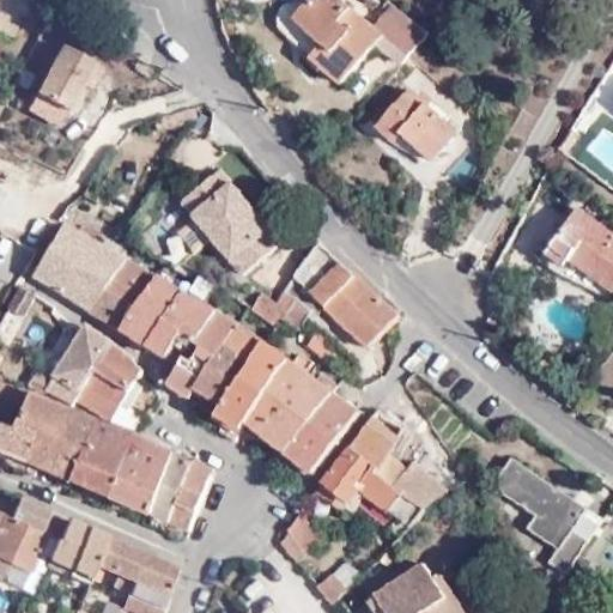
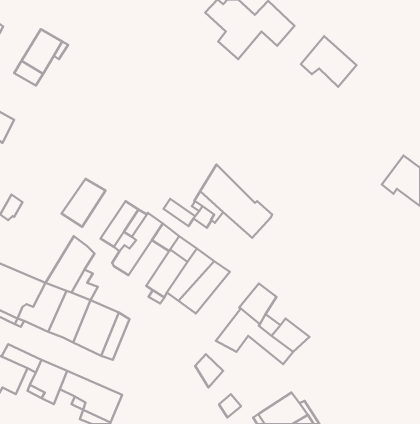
building: [378,93,459,166] -> [301,36,357,87]
building: [177,166,277,272] -> none
building: [32,221,123,308] -> none
building: [119,274,181,344] -> none
building: [31,328,107,401] -> none
building: [186,346,244,412] -> none
building: [283,392,357,471] -> none
building: [163,460,211,528] -> none
building: [505,472,593,583] -> none

